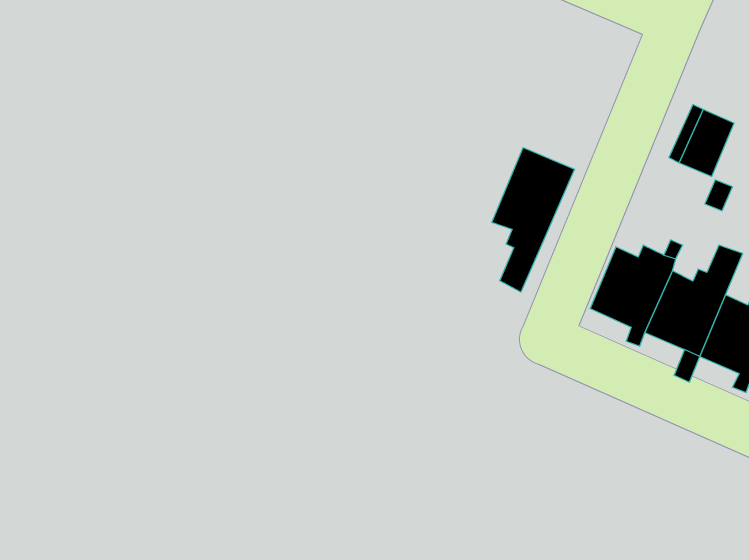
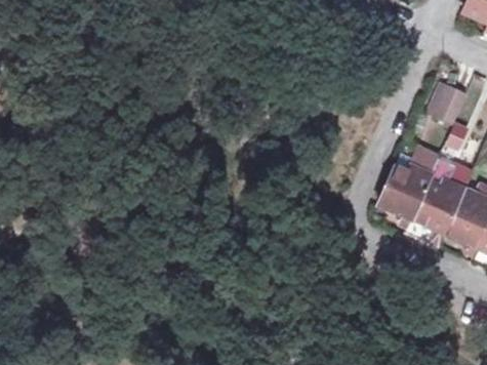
building: [492,148,575,292] -> none

